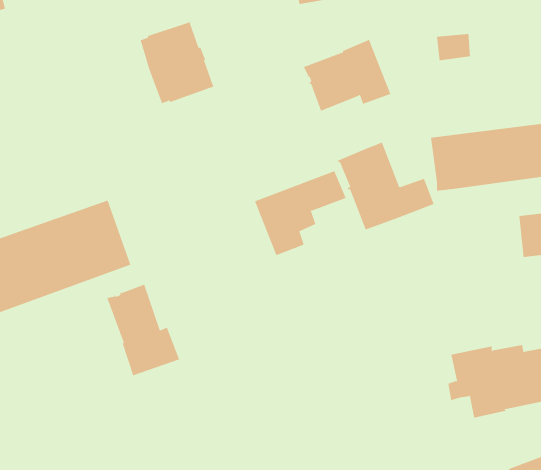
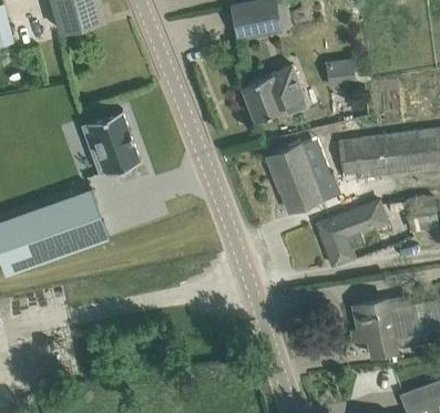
building: [140,20,215,104] -> [83,111,141,175]
building: [254,171,346,256] -> [316,203,387,268]
building: [106,284,180,376] -> none

